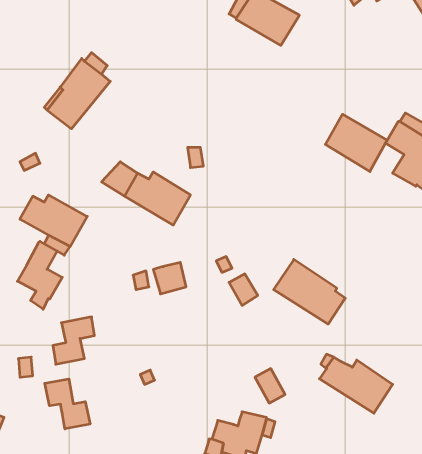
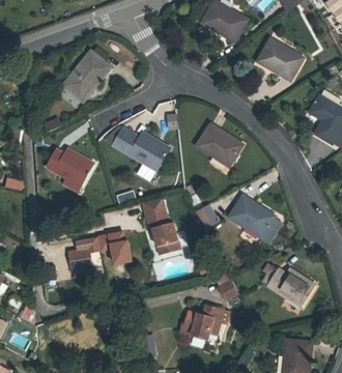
building: [325,114,387,172] -> [257,38,302,80]
building: none -> [196,123,241,165]
building: [17,241,62,309] -> none
building: none -> [146,214,178,254]
building: none -> [96,231,131,263]
building: [45,379,90,429] -> none

